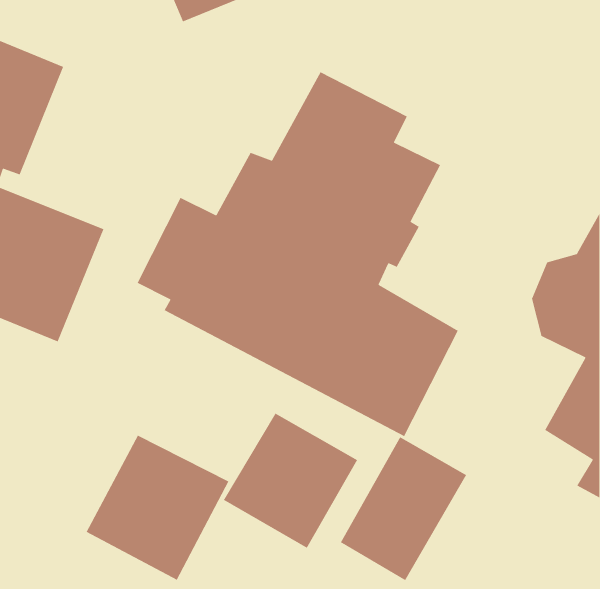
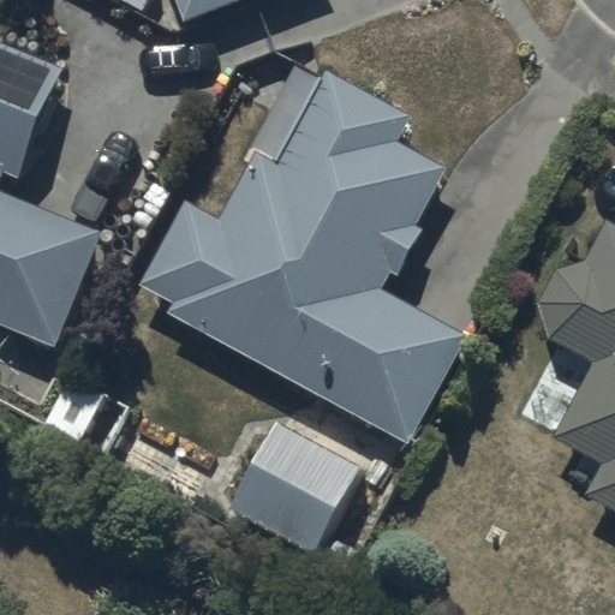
building: [85,434,230,581] -> none
building: [340,436,467,581] -> none

